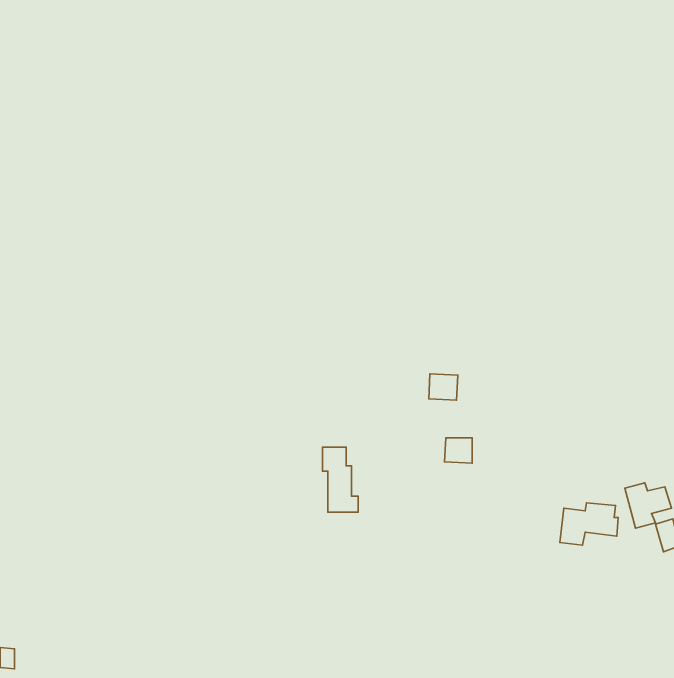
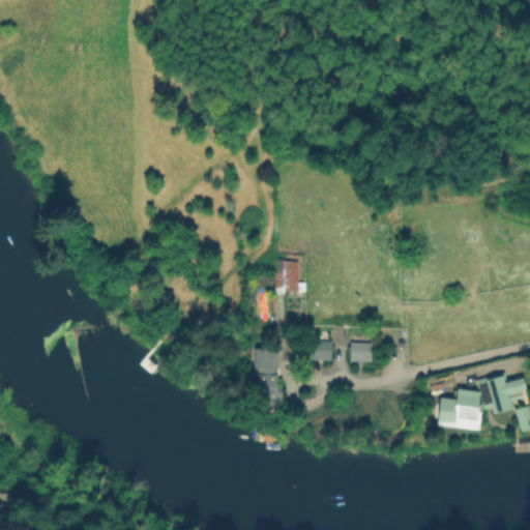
building: none -> [274,260,305,291]
building: [429,374,458,400] -> [310,340,332,360]

